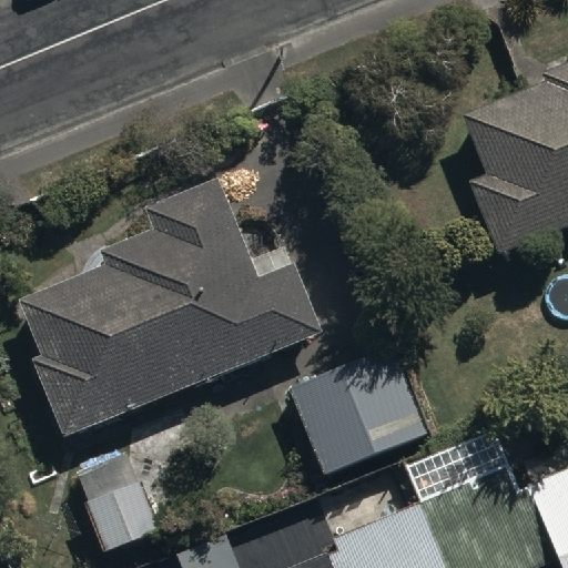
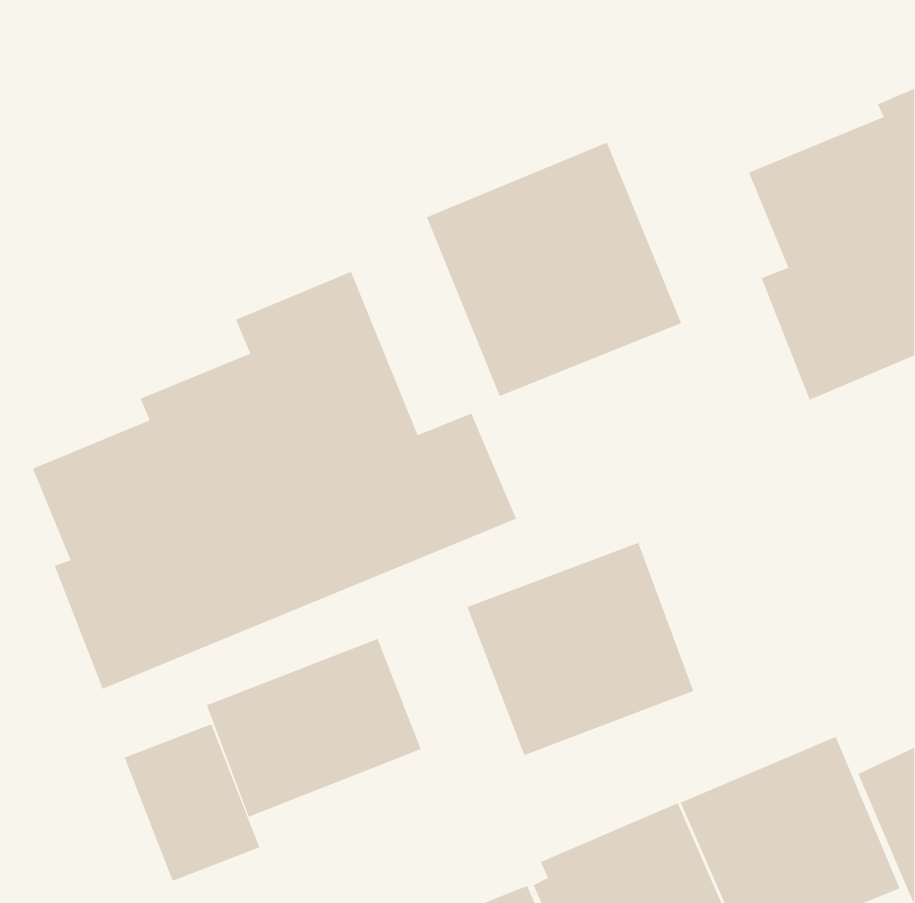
building: none -> [426,142,682,397]
building: none -> [206,638,422,817]

